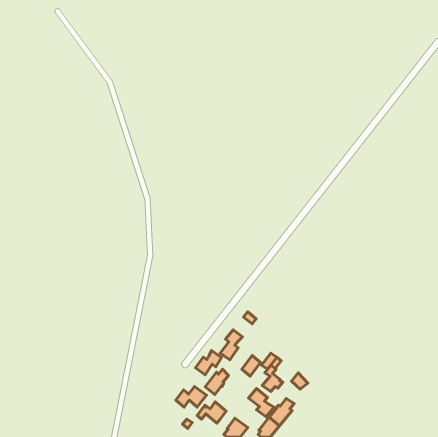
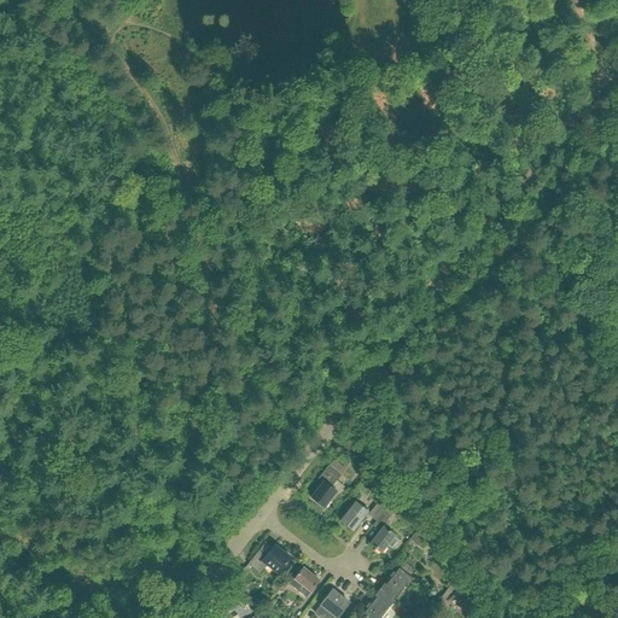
building: [195,351,221,375] -> none
building: [205,369,229,394] -> none
building: [249,388,274,417] -> none

